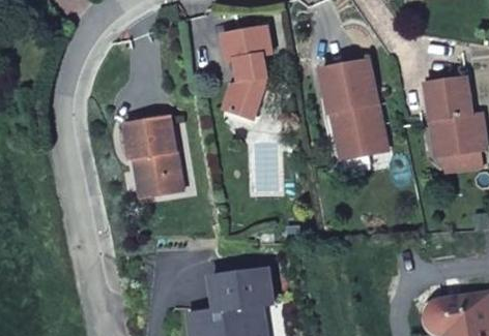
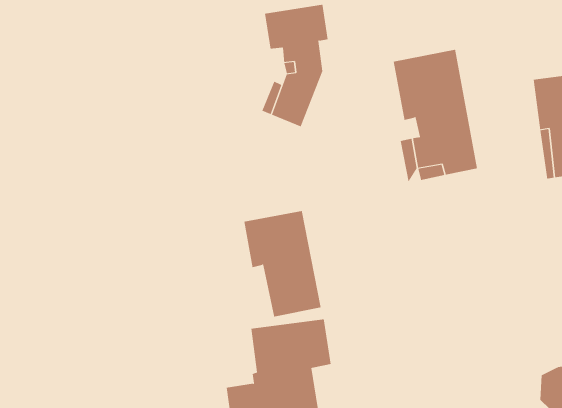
building: [123,115,182,195] -> [243,210,322,317]

